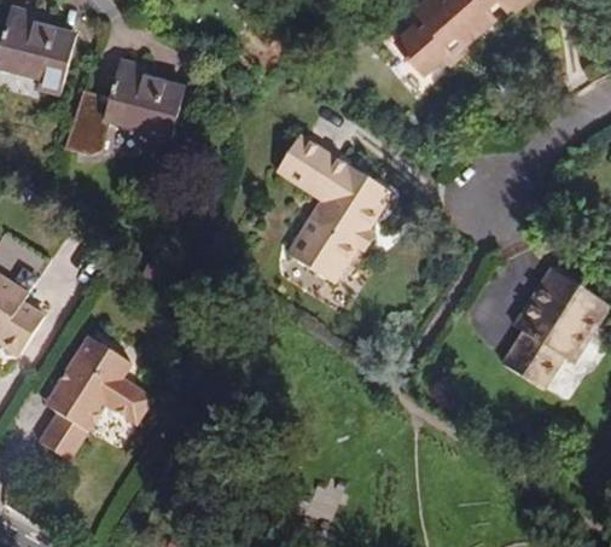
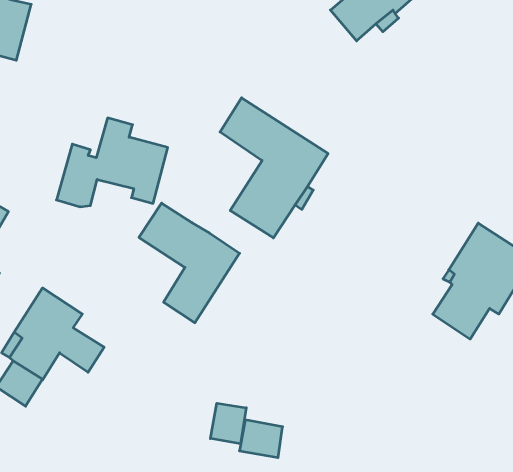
building: [66,57,185,151] -> [56,118,168,207]
building: none -> [139,203,240,323]
building: none -> [210,403,246,444]

